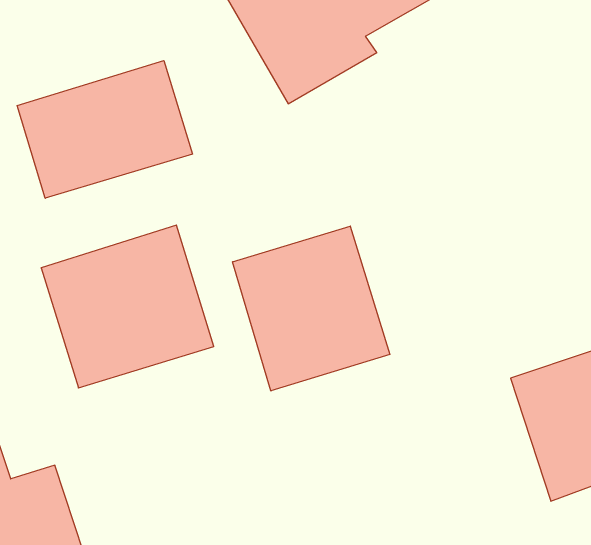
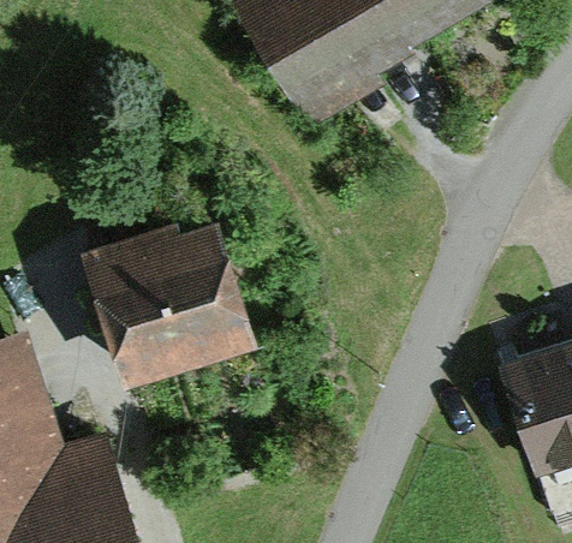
building: [17,61,193,198] -> none
building: [233,226,390,391] -> none

